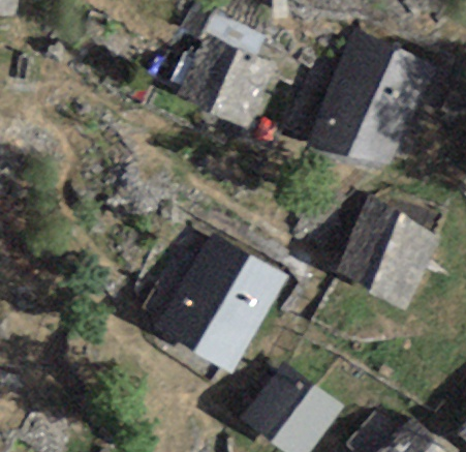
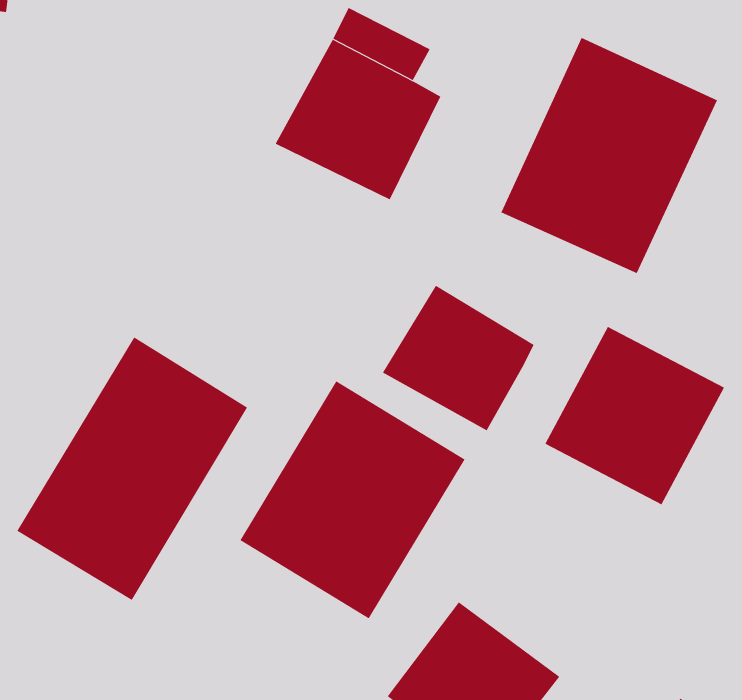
building: none -> [382,285,534,431]
building: none -> [17,337,248,601]

